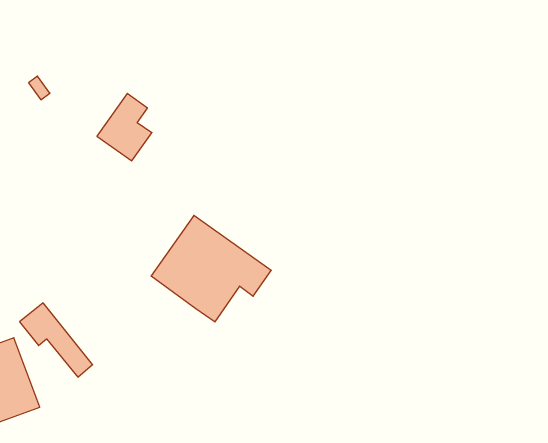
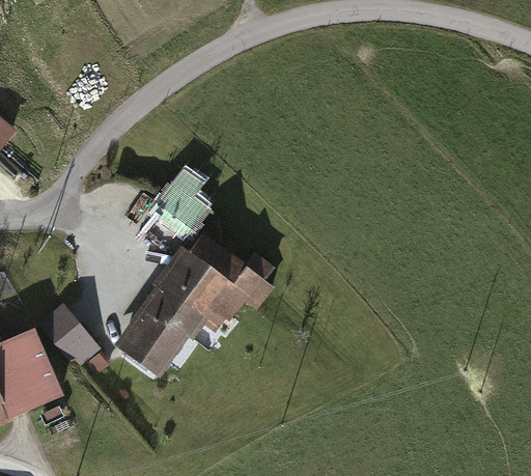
building: [97,93,152,161] -> [153,176,204,239]
building: none -> [116,280,203,369]

